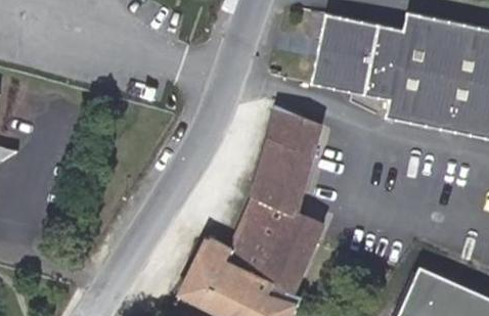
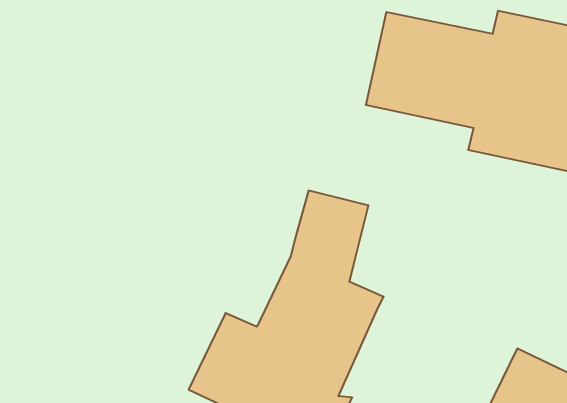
building: [267,108,320,160] -> none

